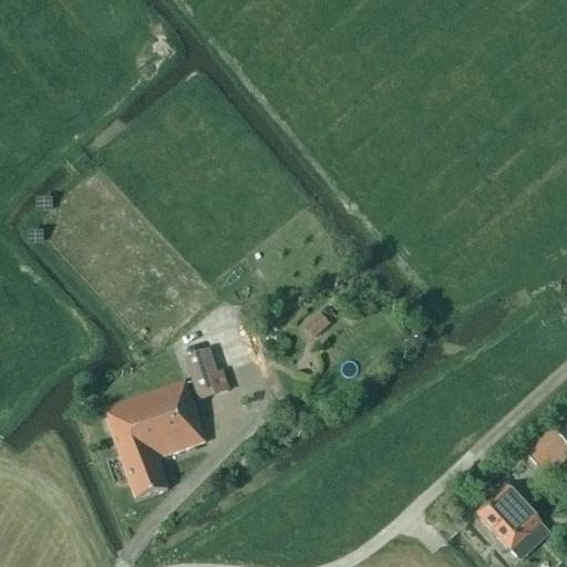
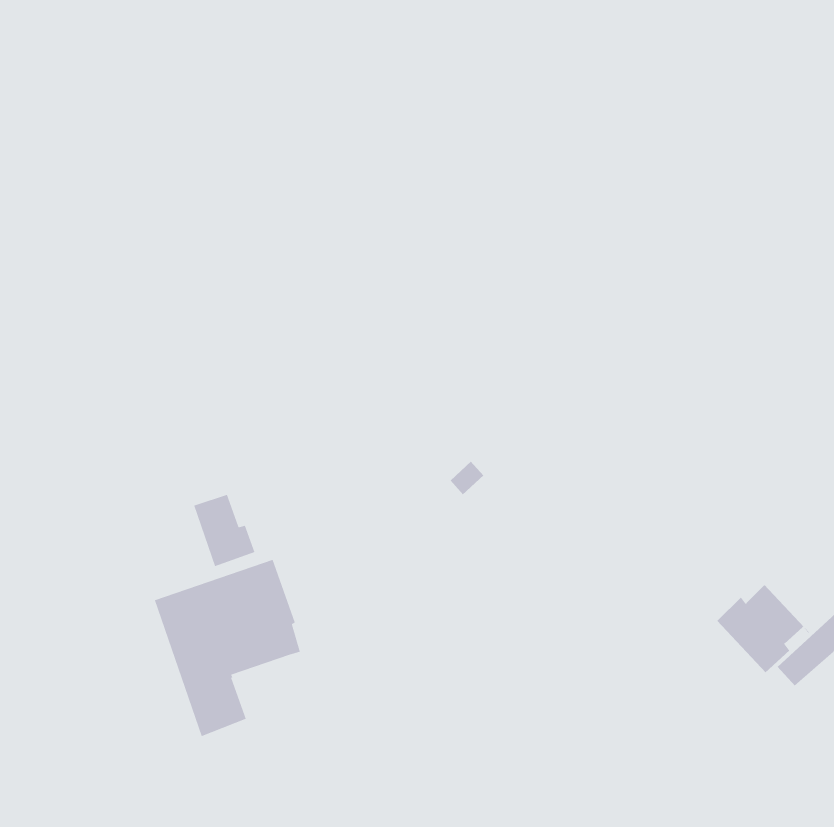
building: [186,349,228,399] -> [193,494,255,567]
building: [478,484,542,548] -> [716,578,810,673]

